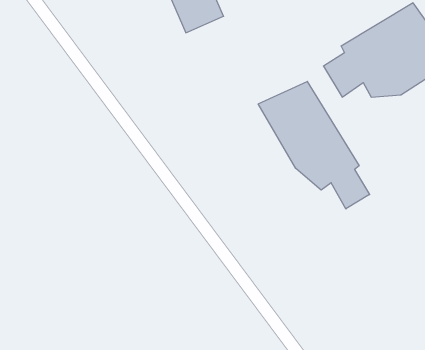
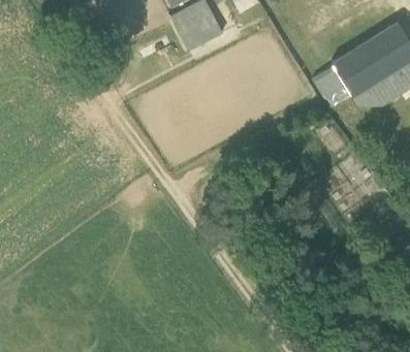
building: [258,81,370,209] -> none

